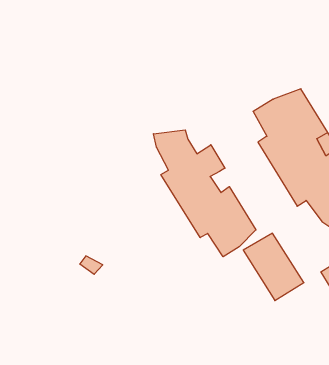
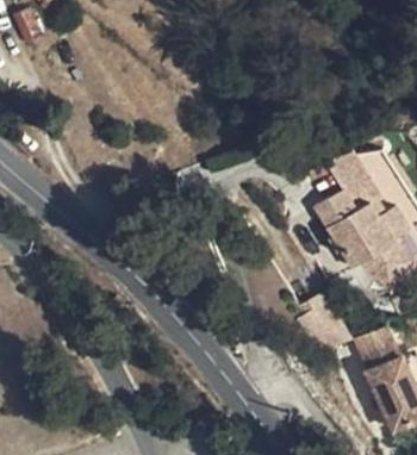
building: [153,130,256,257] -> none

